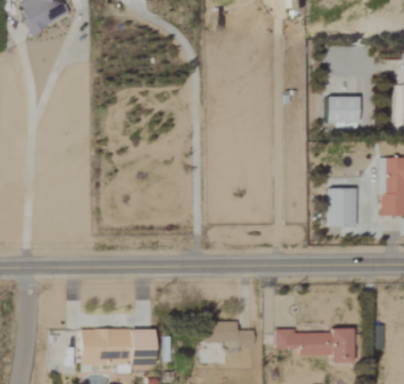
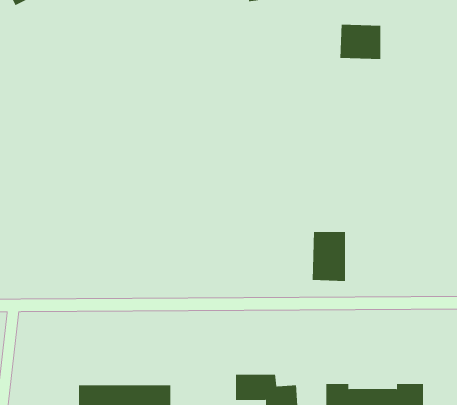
building: [326,95,359,123] -> [339,24,381,60]
building: [328,188,355,227] -> [312,232,346,281]

